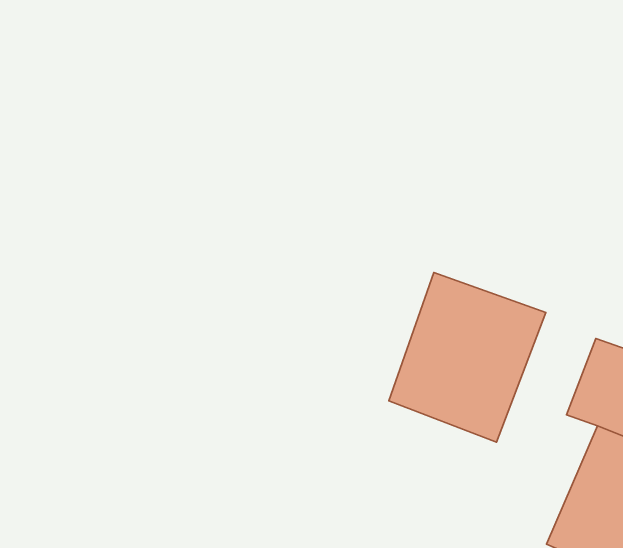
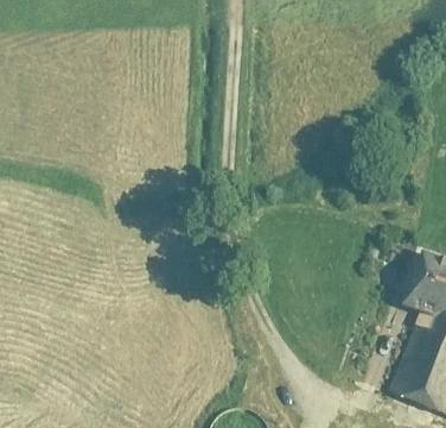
building: [389,272,546,442] -> none

